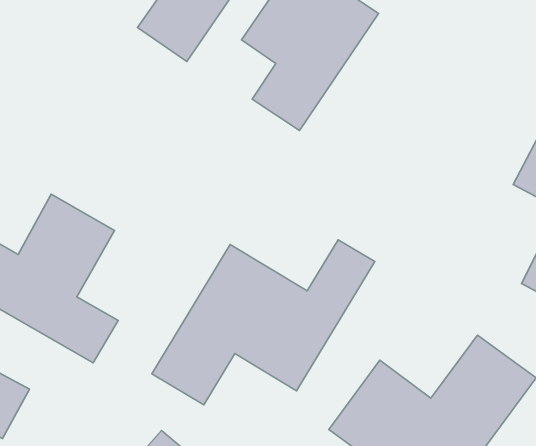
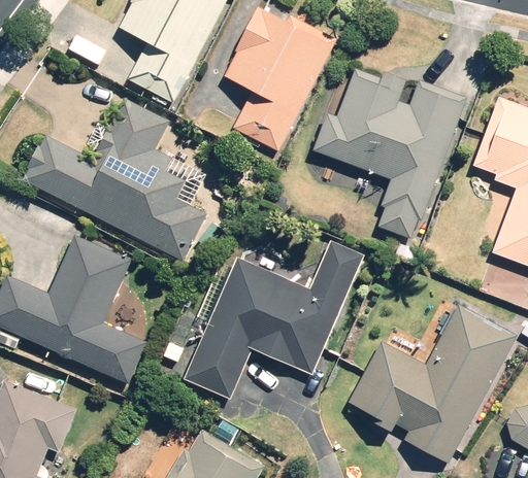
building: none -> [23,98,202,263]
building: none -> [311,72,463,242]

